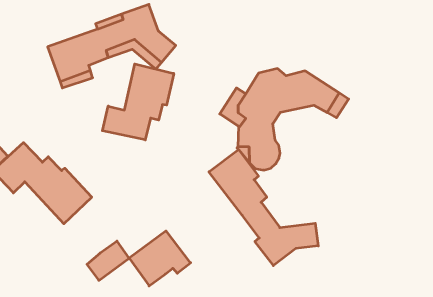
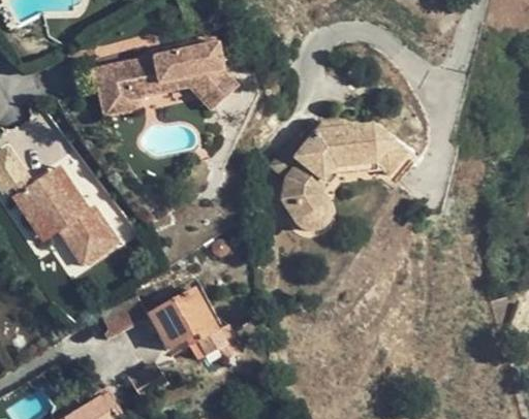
building: [102,64,174,140] -> none
building: [209,150,318,266] -> none
building: none -> [186,323,243,359]

